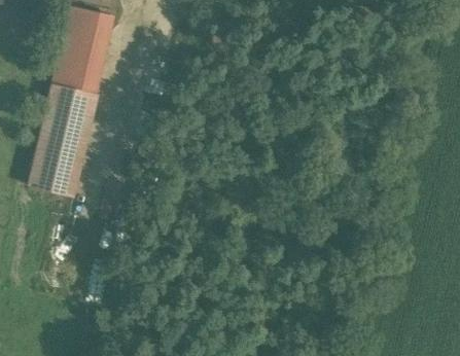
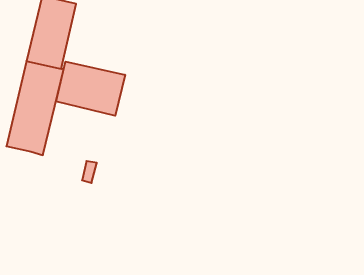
building: none -> [56,62,125,116]

